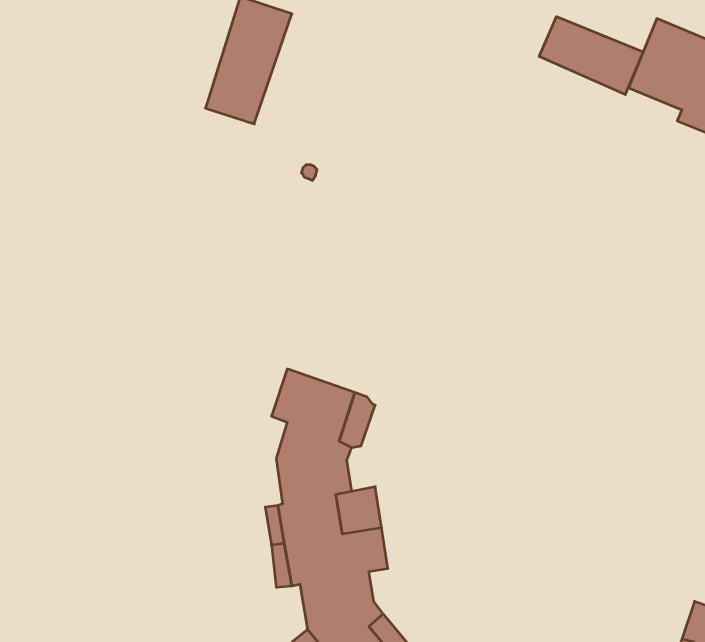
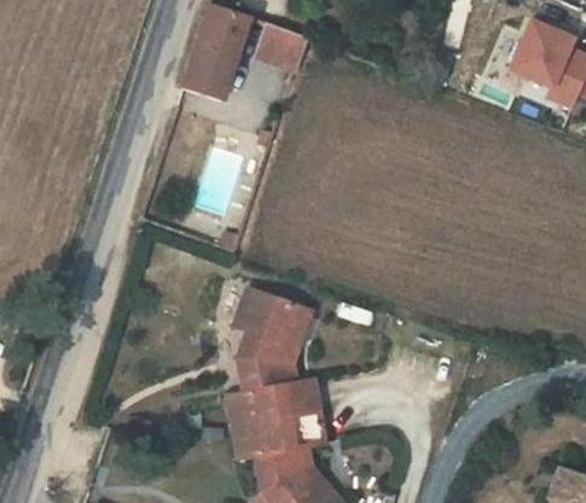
building: [539,17,643,95] -> none
building: none -> [256,22,308,69]

